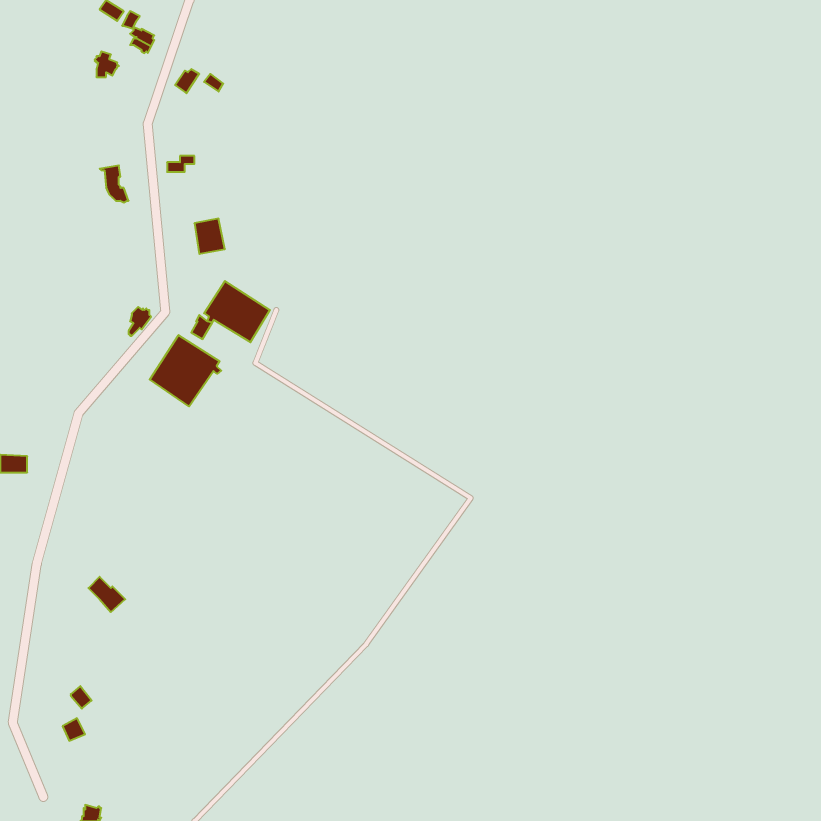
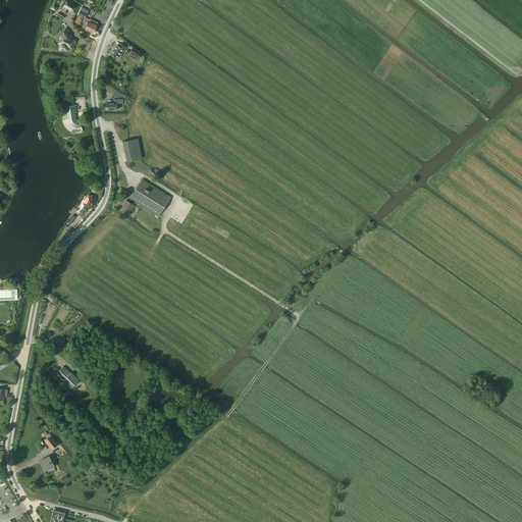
building: [150,335,221,406] -> none

